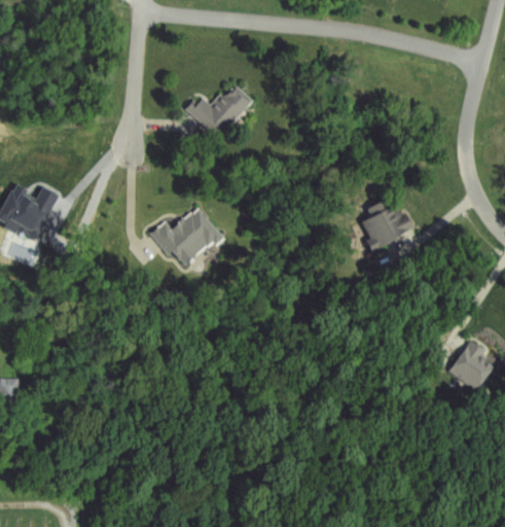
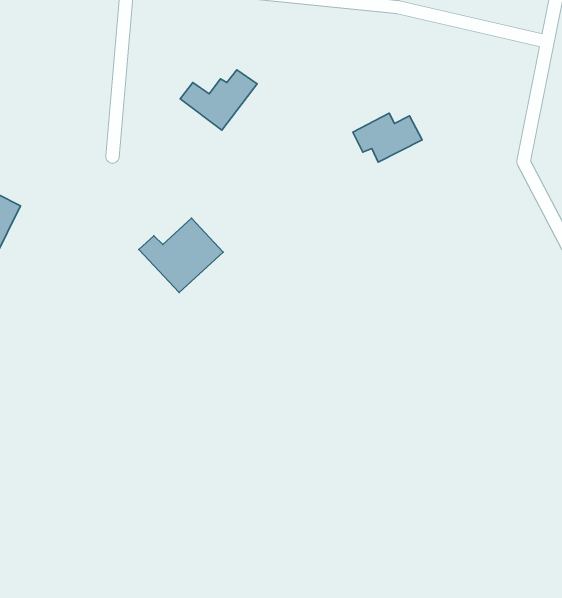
building: [354,209,410,249] -> [353,113,422,162]
building: [457,341,492,381] -> none

